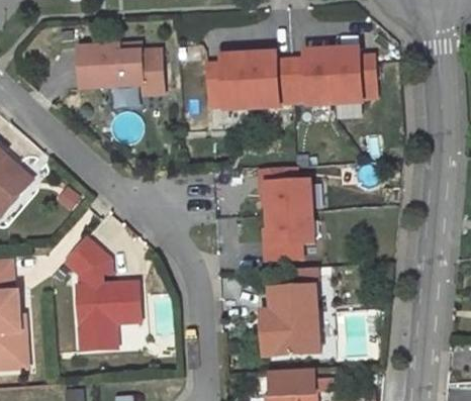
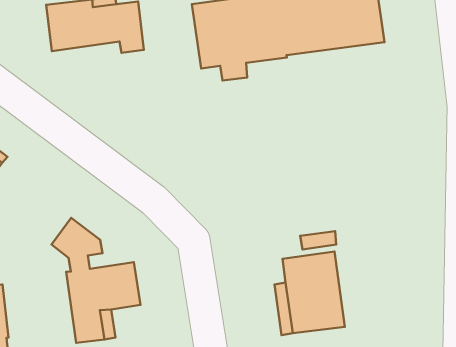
building: [260,164,323,261] -> none

